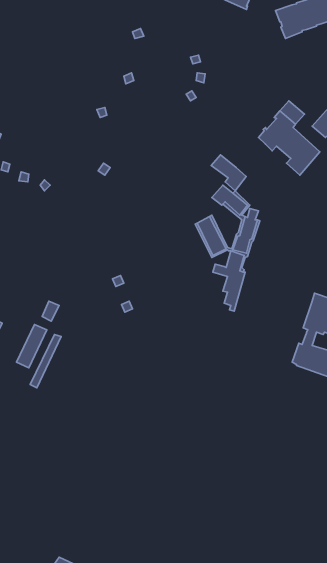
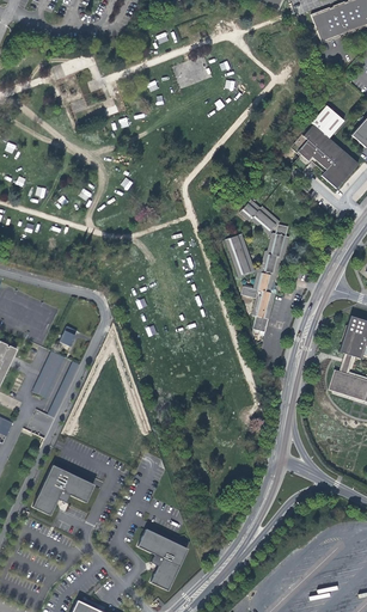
building: [211,155,246,191] -> none
building: none -> [32,464,93,513]
building: none -> [137,527,188,588]

